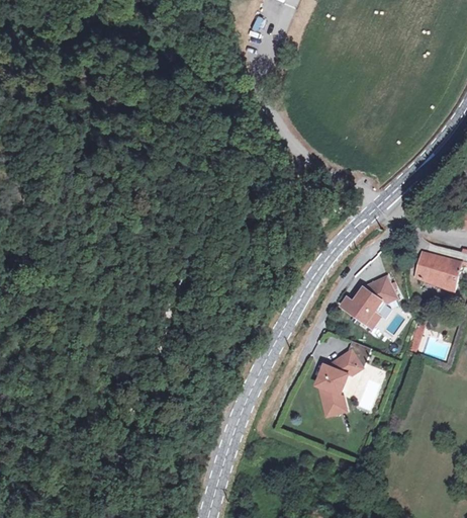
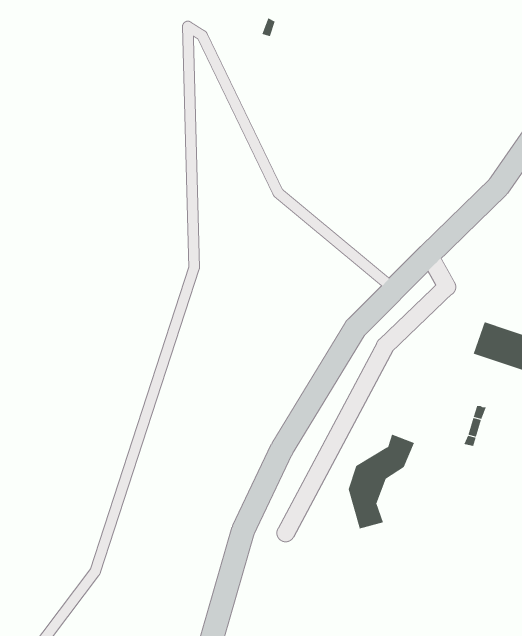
building: [340,276,395,328] -> none

